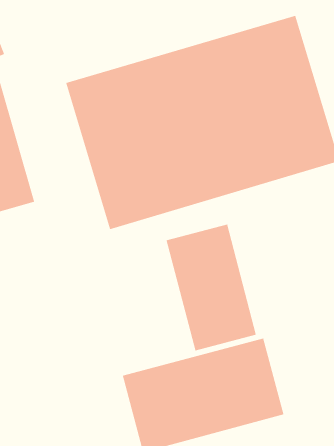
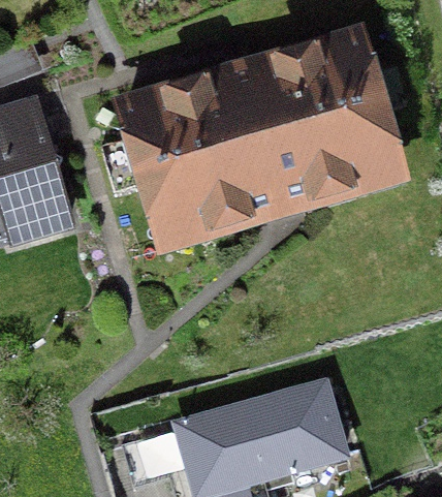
building: [165,223,257,351] -> none

